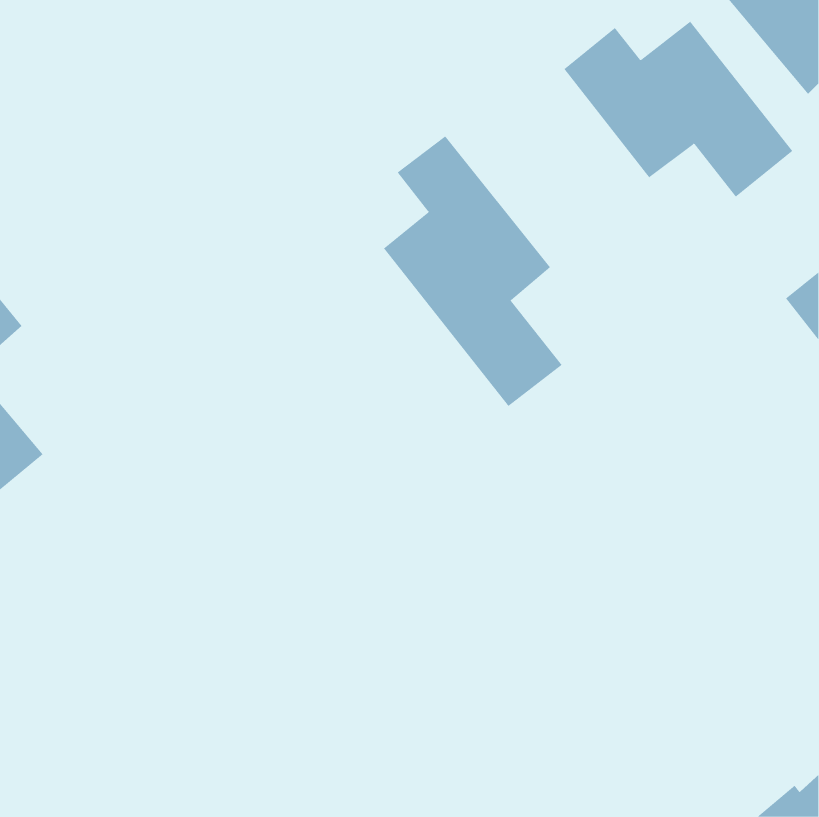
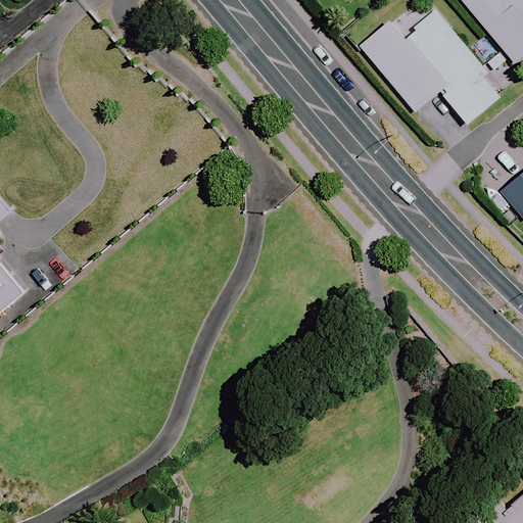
building: [383,135,562,407] -> none

